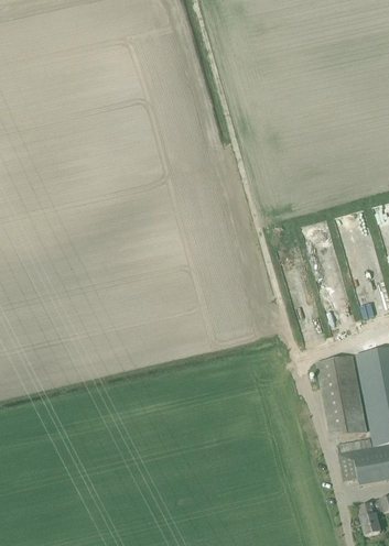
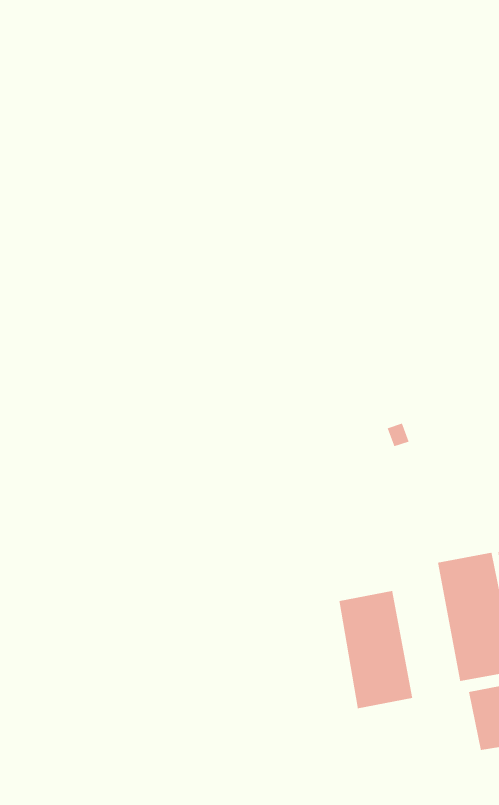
building: none -> [339,590,413,709]

